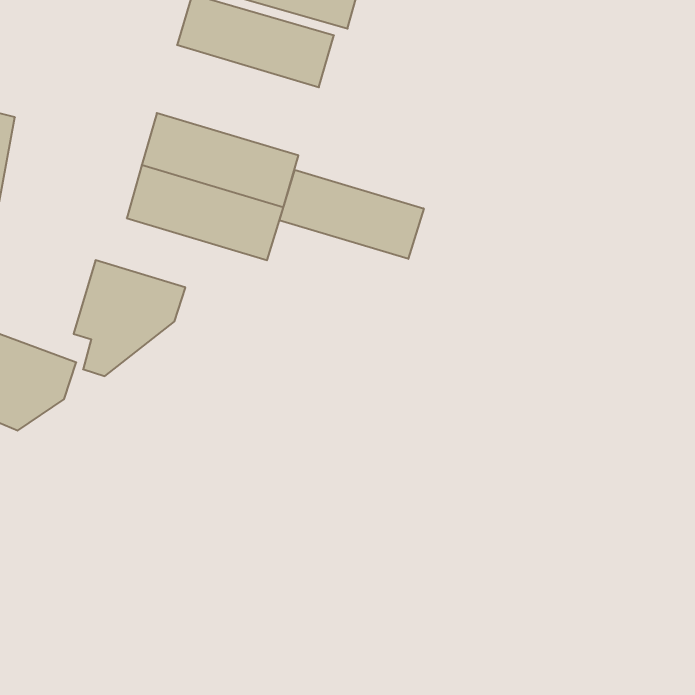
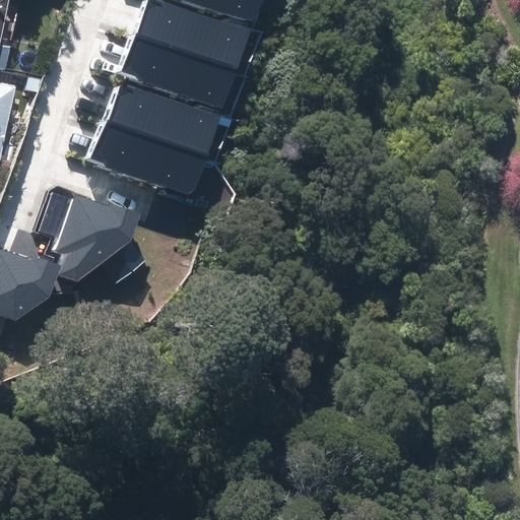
building: none -> [121,34,238,105]
building: [279,170,424,259] -> none

